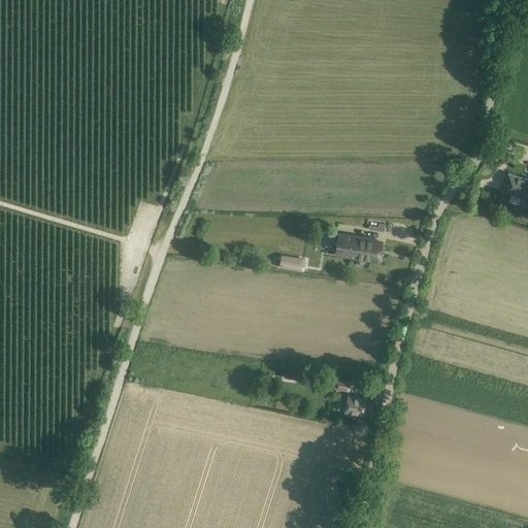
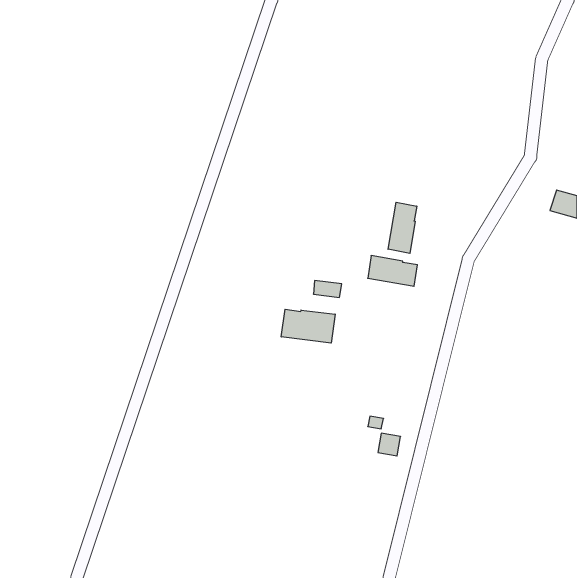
building: none -> [388,202,417,253]
building: none -> [281,309,335,343]

